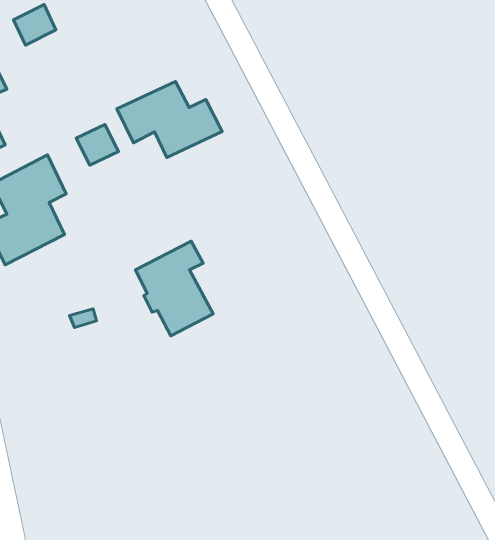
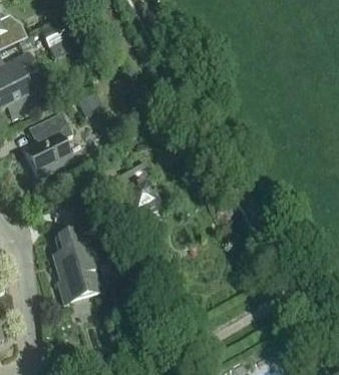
building: [117,81,222,157] -> none
building: none -> [52,229,102,303]

